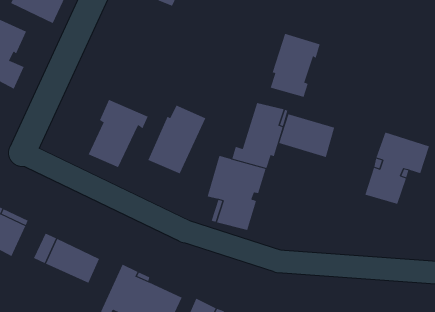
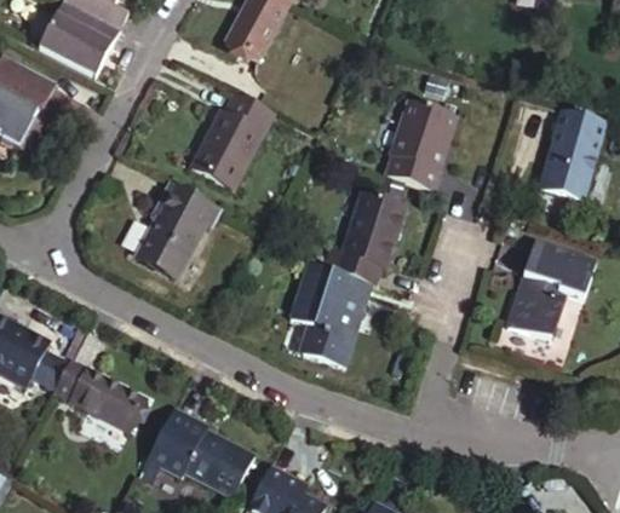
building: none -> [539,108,604,200]
building: [147,105,206,174] -> [194,91,277,186]
building: [279,113,335,158] -> none

